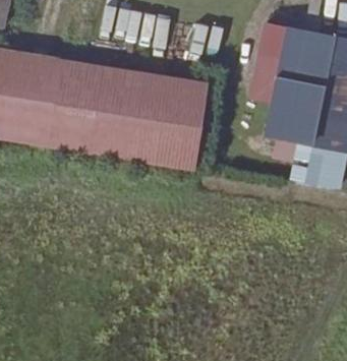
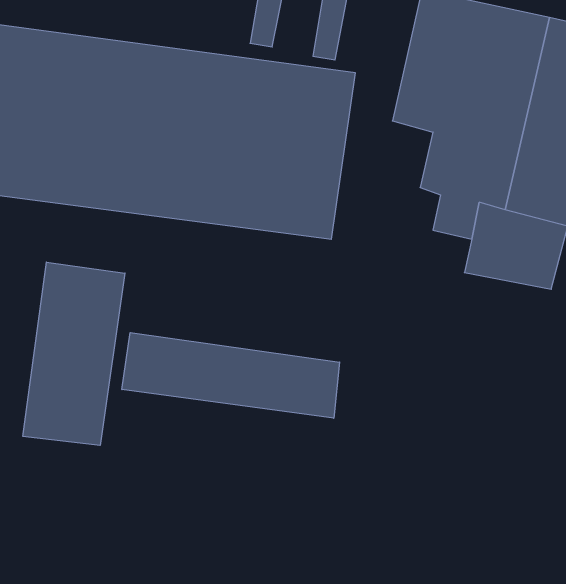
building: none -> [23,262,125,445]
building: none -> [122,333,340,418]

